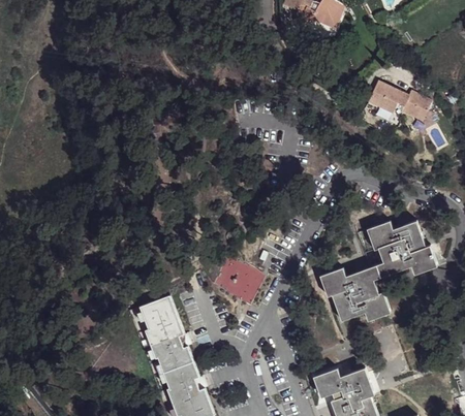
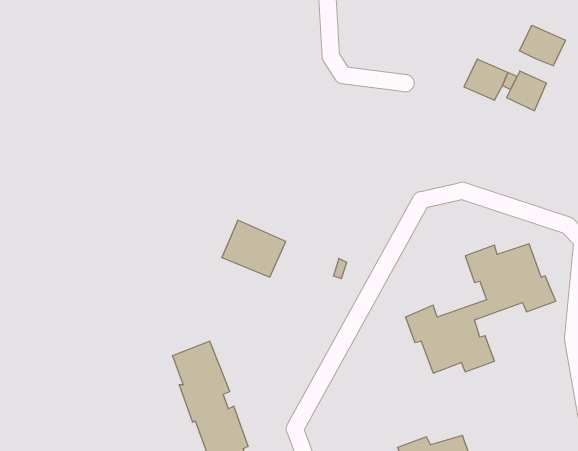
building: none -> [520,25,565,66]
building: [213,258,262,302] -> [222,220,286,277]

